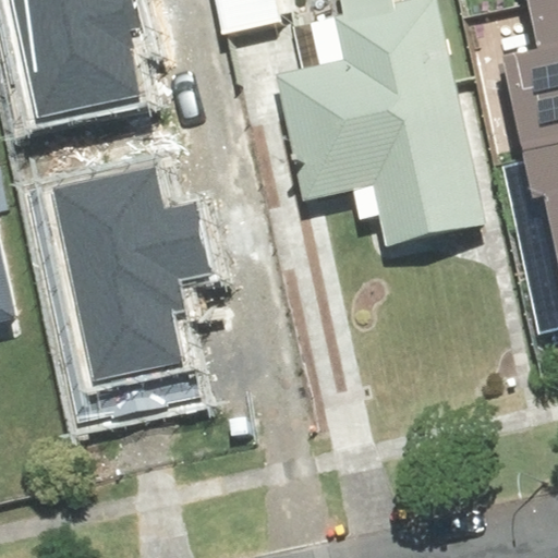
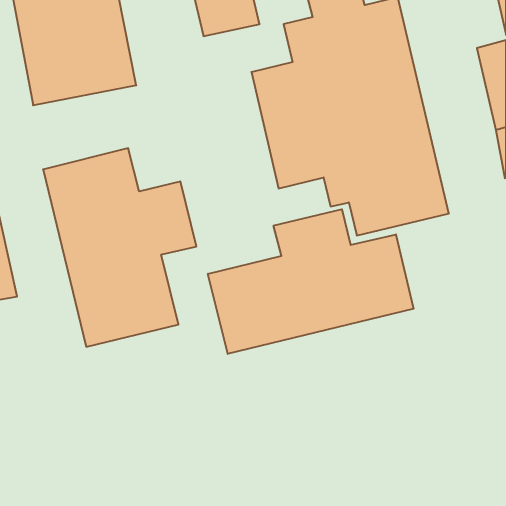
building: none -> [208,209,414,354]

